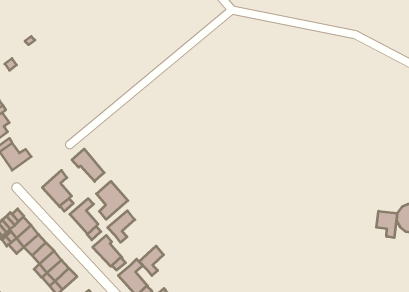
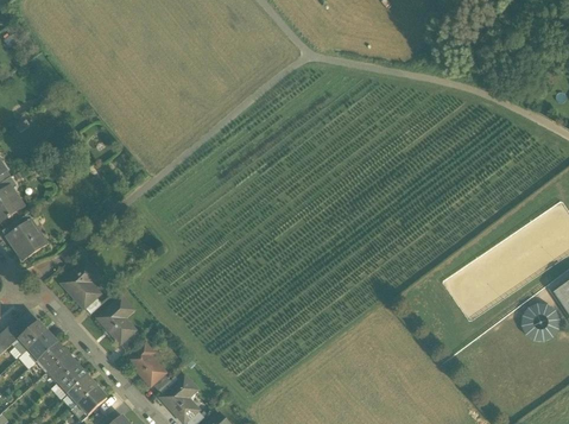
building: [72,149,104,182] -> none
building: [96,181,128,219] -> none
building: [108,211,135,242] -> none
building: [376,211,397,238] -> none
building: [139,246,164,276] -> none

